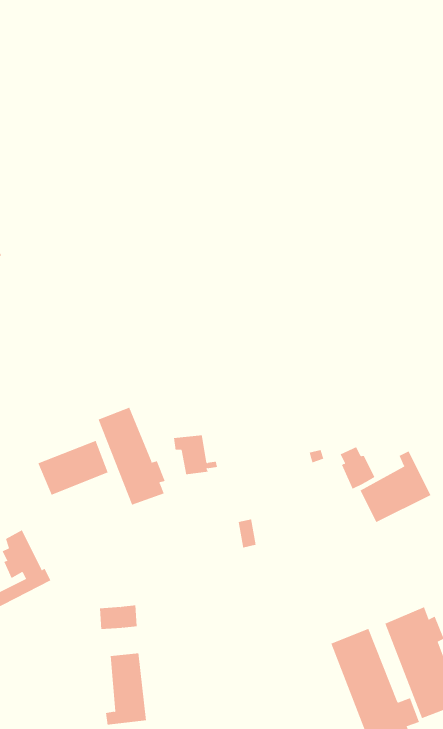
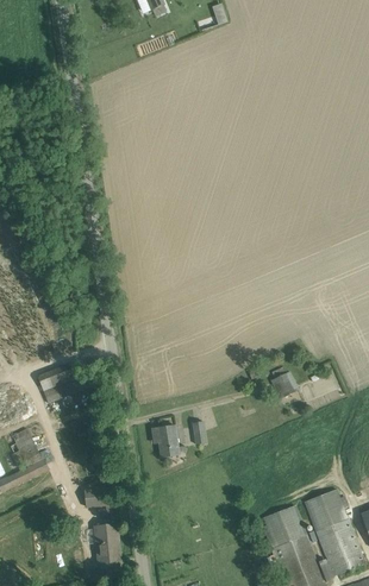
building: [98,407,165,505] -> none
building: [173,435,218,475] -> [151,426,186,456]
building: [360,451,431,523] -> none

